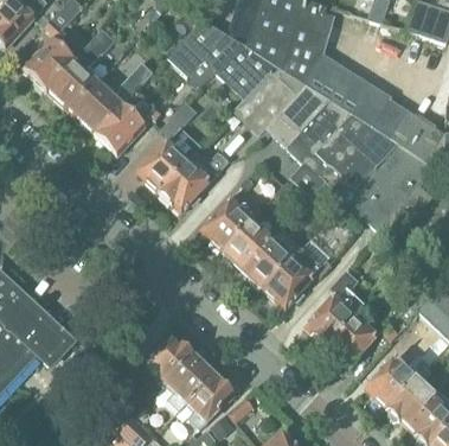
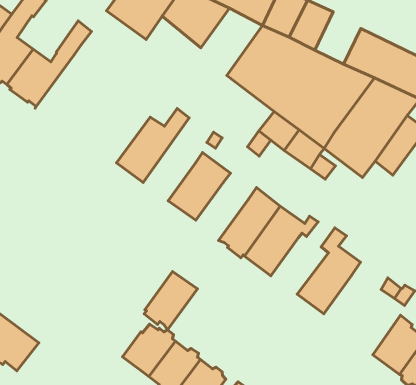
building: [237,65,303,132] -> none
building: [347,79,391,127] -> none
building: [94,90,156,153] -> none
building: [139,100,197,190] -> none
building: [223,218,272,269] -> [144,272,197,330]
building: [327,314,376,364] -> none

